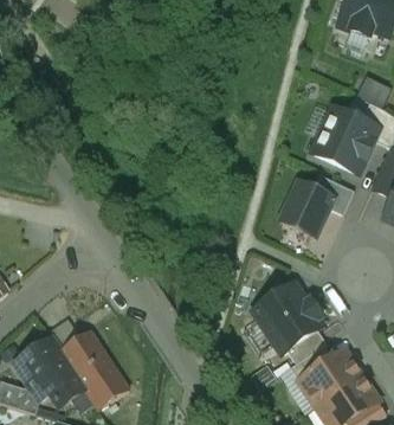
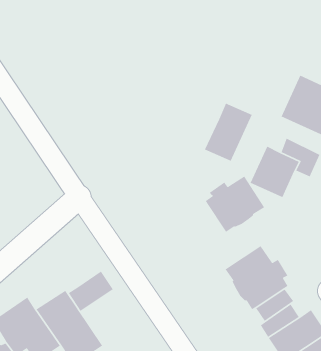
building: none -> [204,103,253,162]
building: none -> [205,175,265,233]
building: none -> [68,270,114,312]

